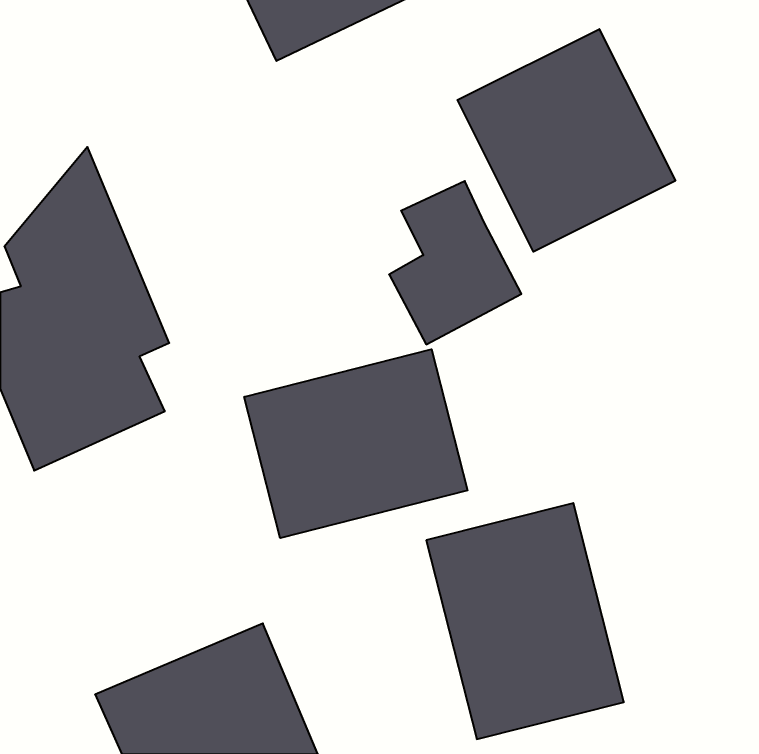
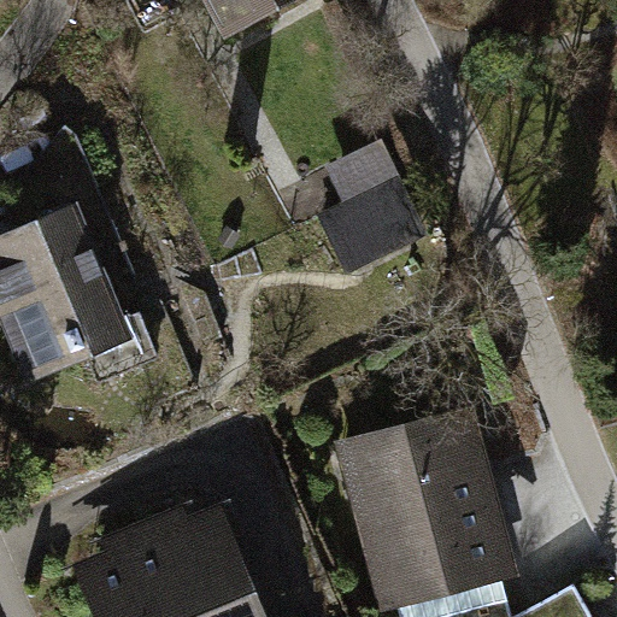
building: [457,29,675,252] -> none
building: [244,349,468,538] -> none

